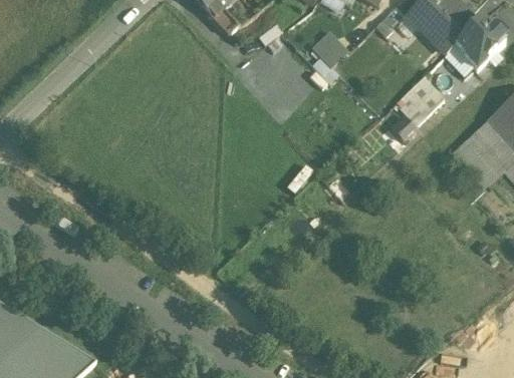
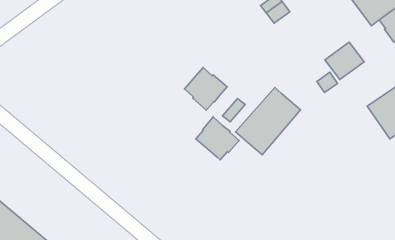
building: none -> [184,67,227,110]
building: none -> [236,88,301,155]
building: none -> [196,117,239,160]

